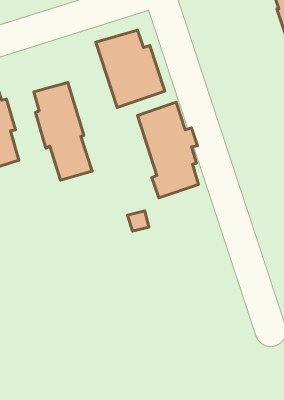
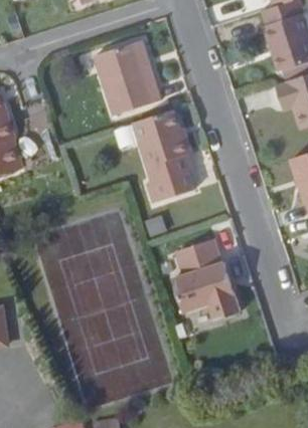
building: [34,83,92,180] -> none
building: none -> [176,241,245,322]

